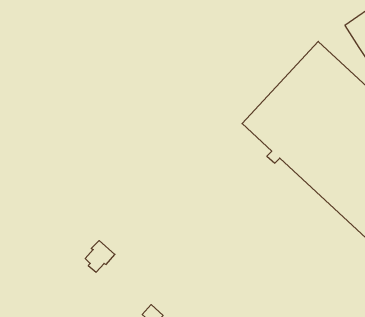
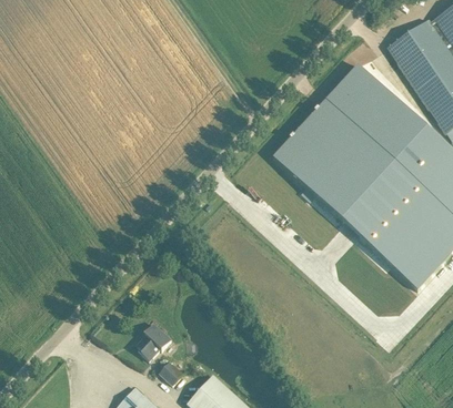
building: [85,241,115,272] -> [138,325,171,360]

